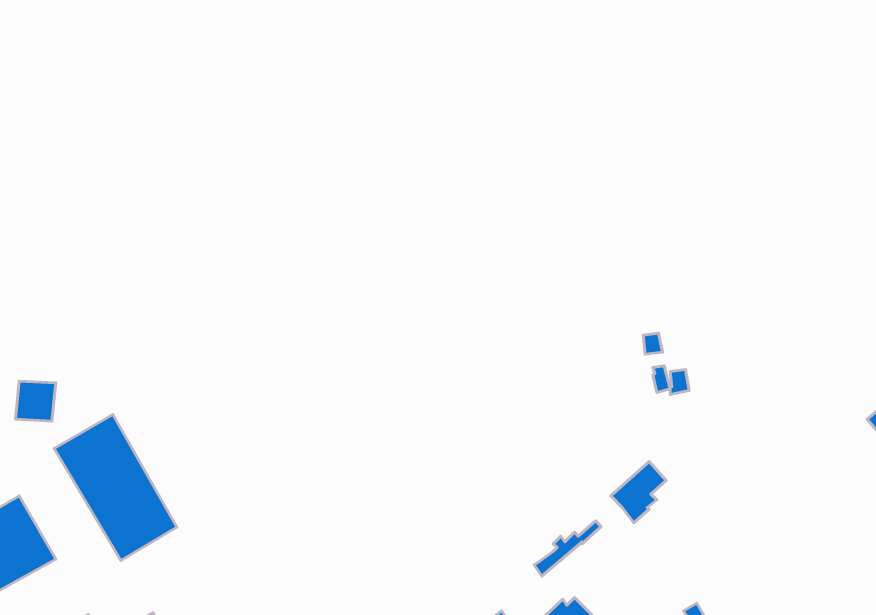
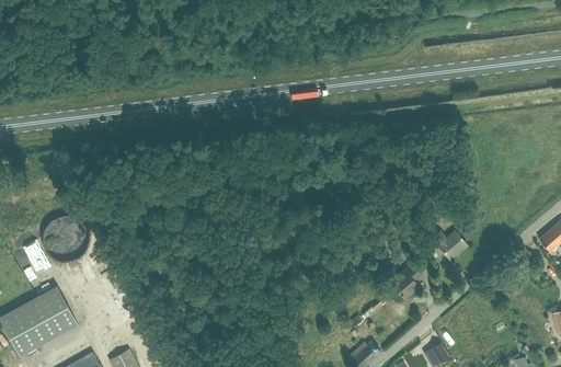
building: none -> [433,233,467,262]
building: [54,415,177,561] -> none

